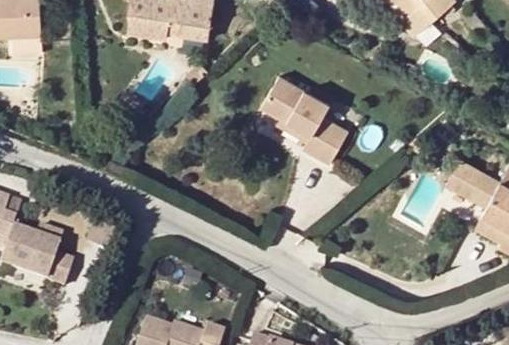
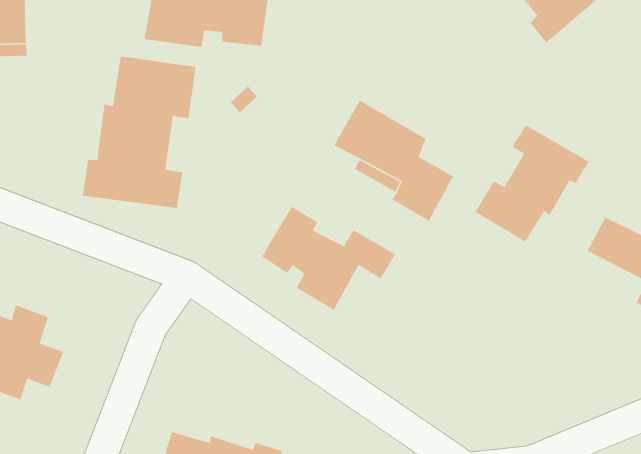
building: none -> [82,56,196,209]
building: none -> [475,124,590,243]
building: none -> [261,206,396,311]

